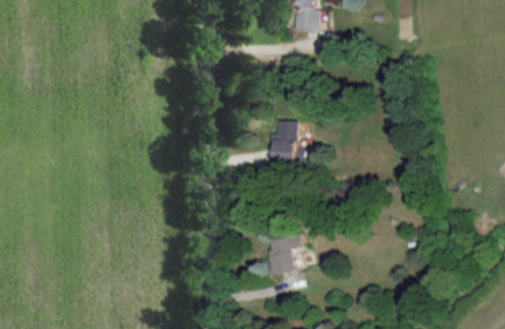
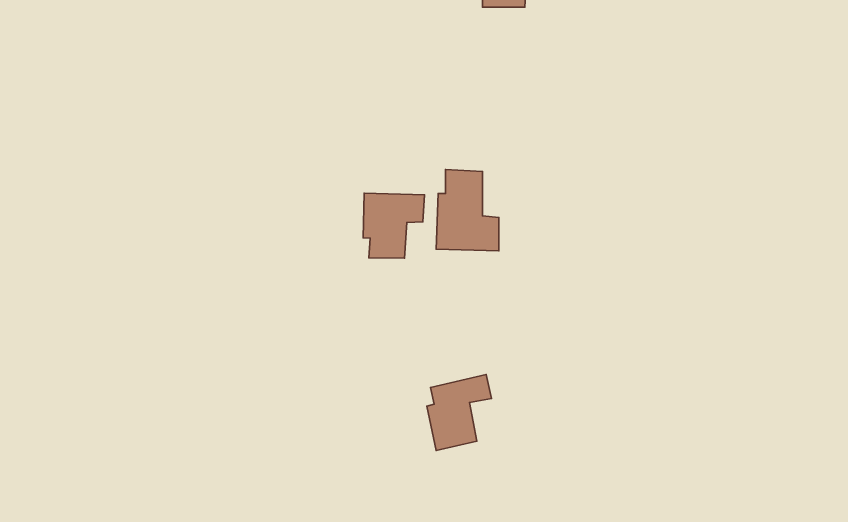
building: none -> [363,193,425,258]

